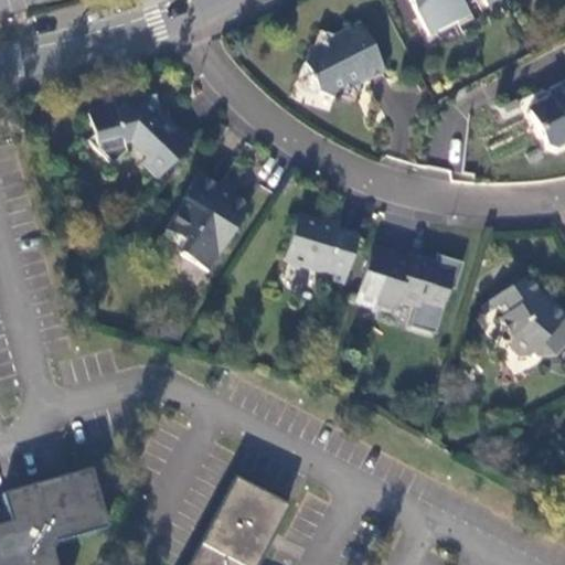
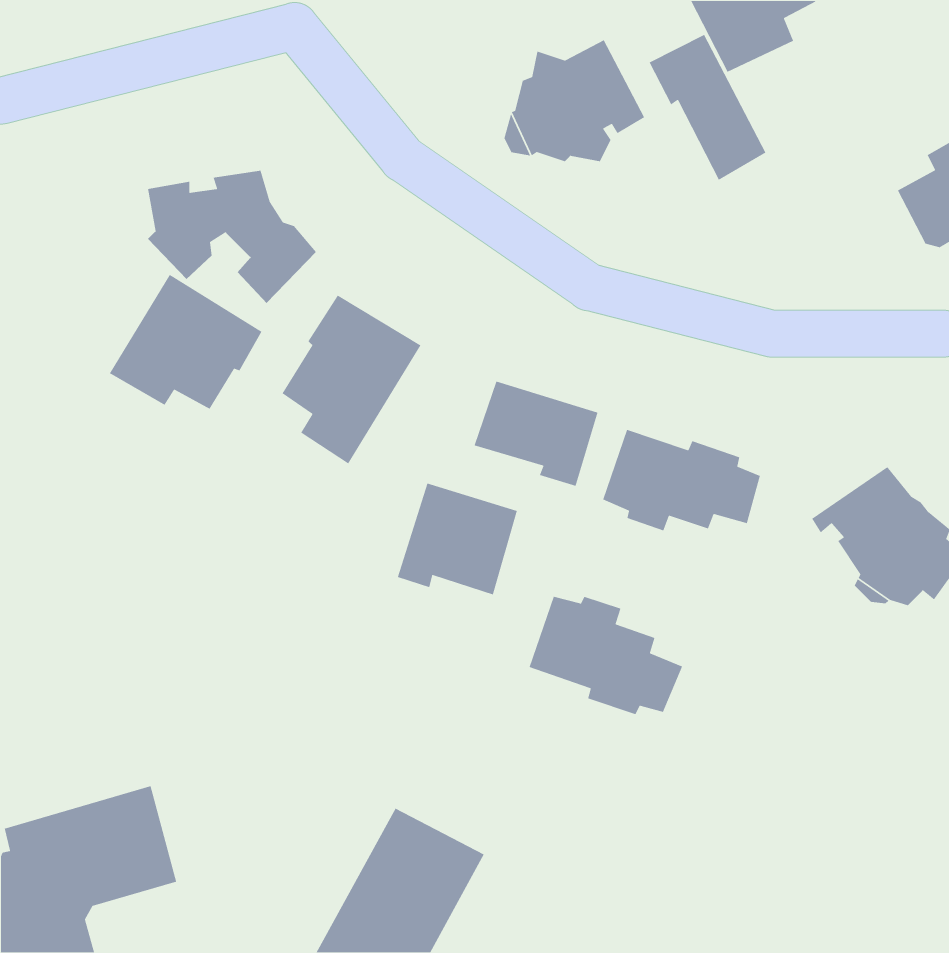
building: none -> [648,34,767,181]
building: none -> [109,274,263,410]
building: none -> [397,482,518,596]
building: none -> [529,596,683,715]

